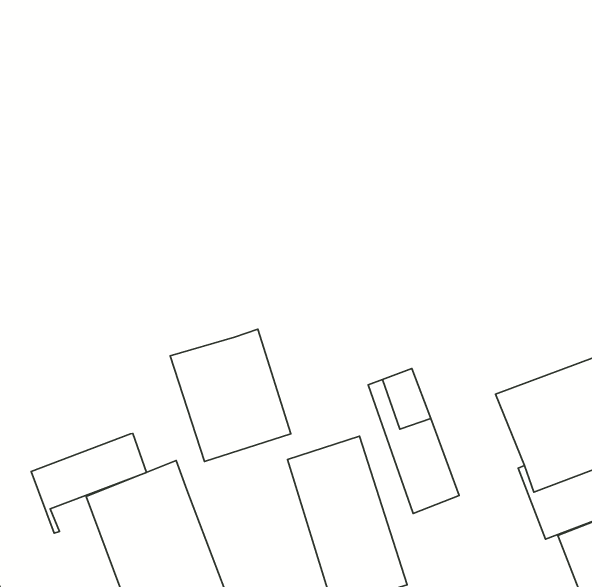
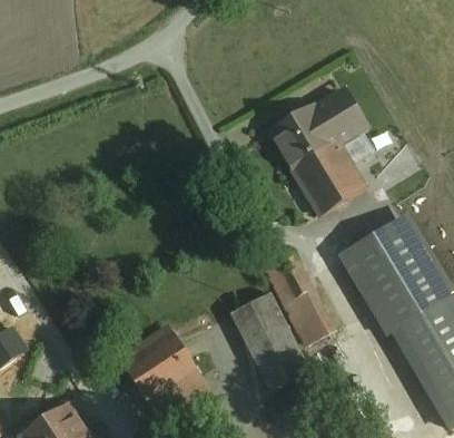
building: none -> [269,91,366,216]
building: [170,329,291,462] -> none
building: [31,434,146,533] -> none

